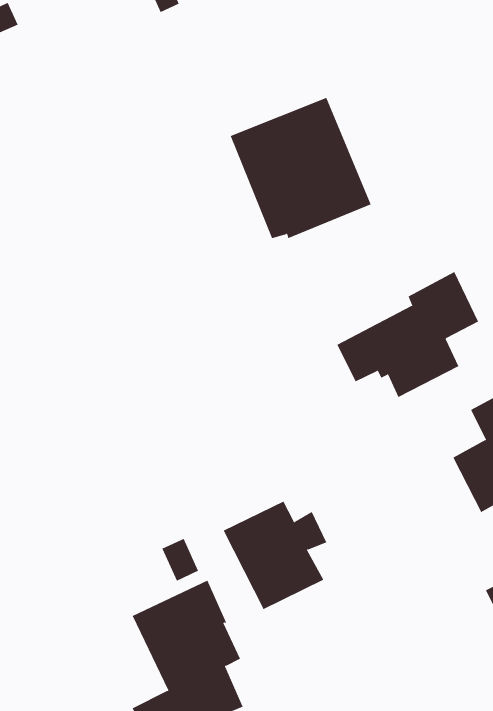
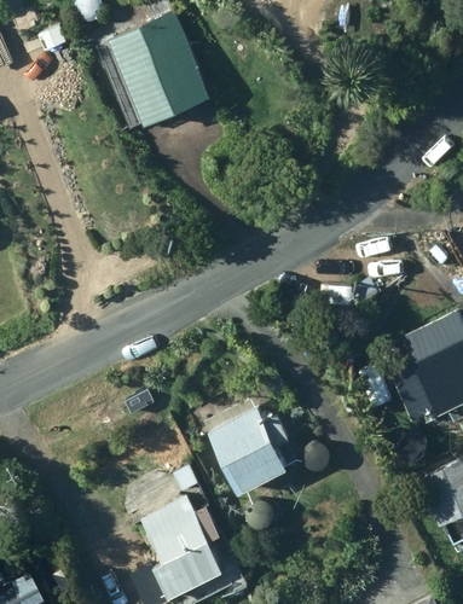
building: [230,97,371,239] -> [96,12,210,127]
building: [336,271,479,398] -> none

